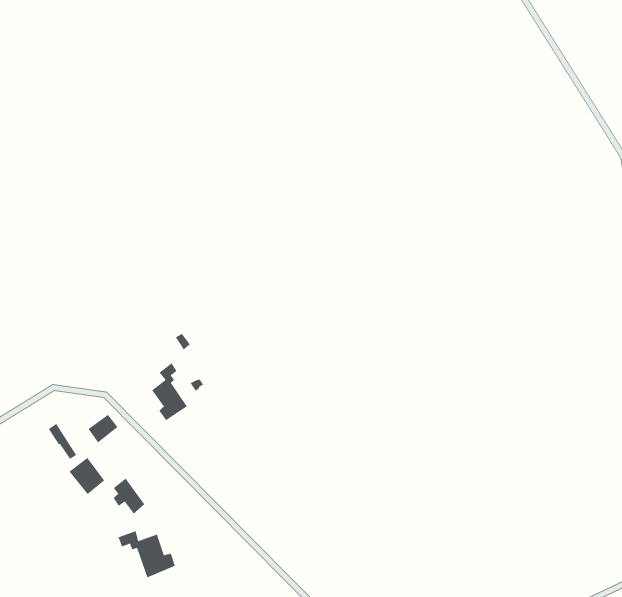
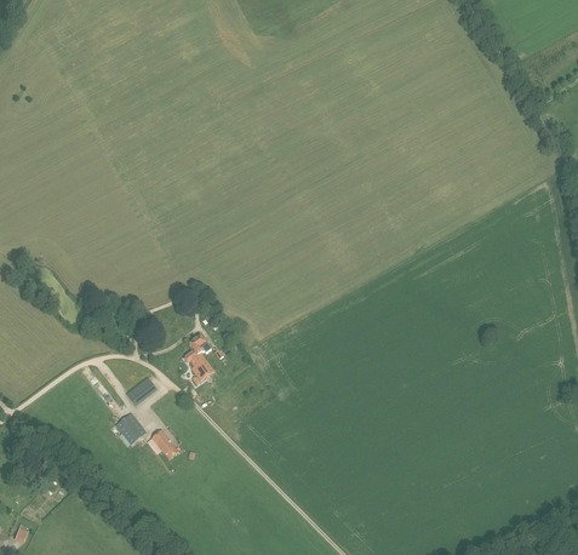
building: [117,530,176,578] -> none

